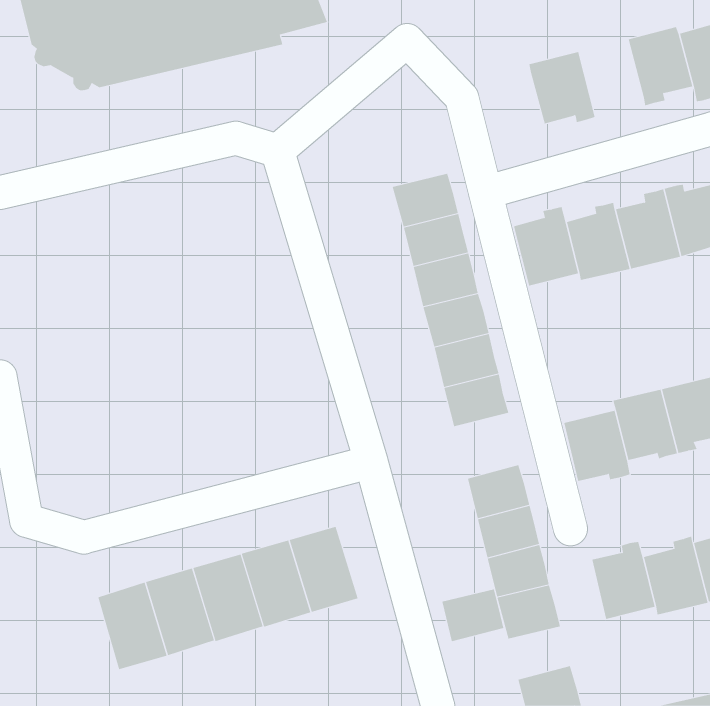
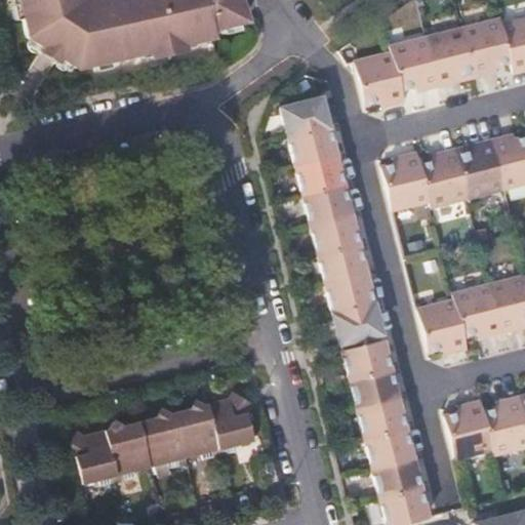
building: none -> [428,29,475,86]
building: none -> [356,53,405,107]
building: none -> [283,96,331,137]
building: none -> [335,304,383,345]
building: [441,589,504,642] -> [375,460,421,499]

